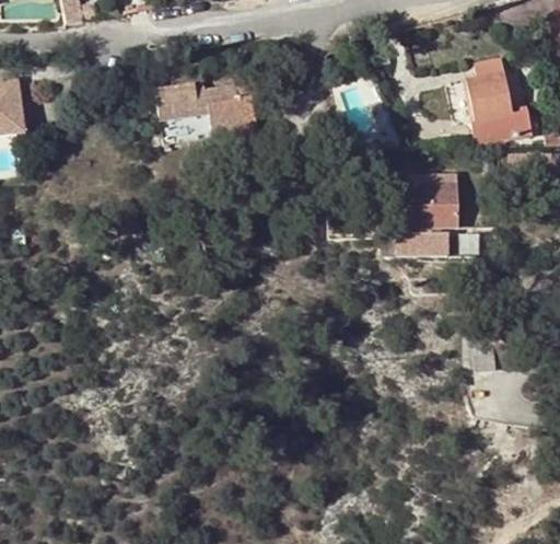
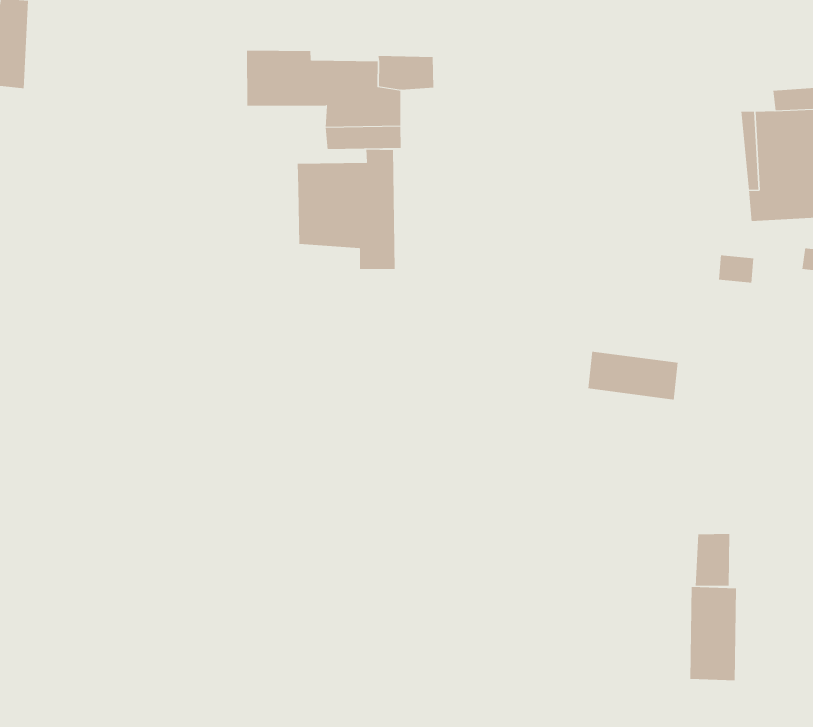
building: none -> [297,149,395,270]
building: [408,182,456,228] -> none
building: none -> [690,586,737,681]

